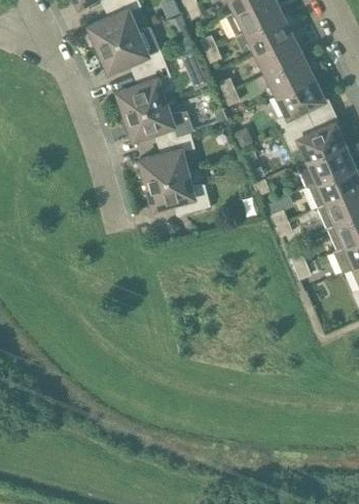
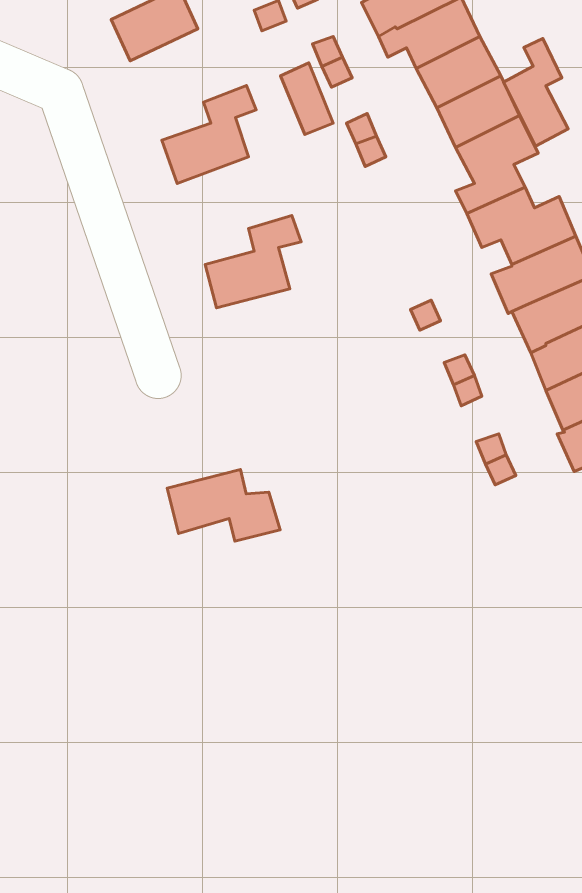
building: [100,31,164,71] -> none
building: none -> [504,38,568,146]
building: [125,101,192,140] -> none
building: [147,172,209,211] -> [167,469,280,541]

